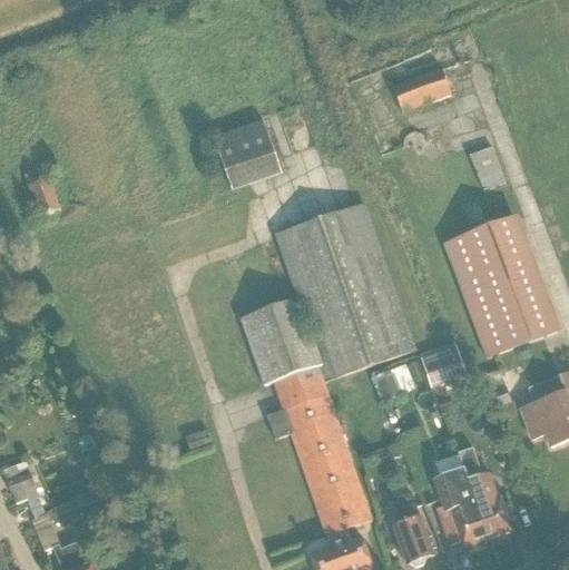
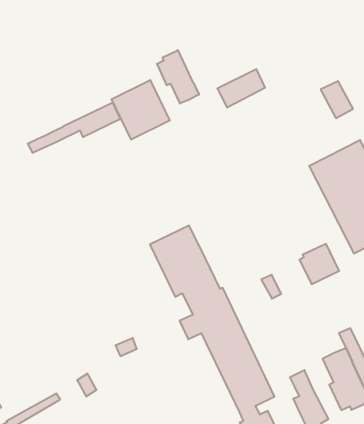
building: [392,68,450,110] -> [217,69,265,107]
building: none -> [157,50,199,104]
building: none -> [28,102,120,153]
building: [275,203,415,381] -> none

